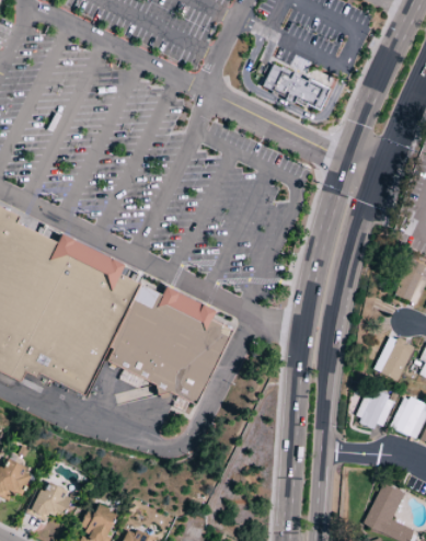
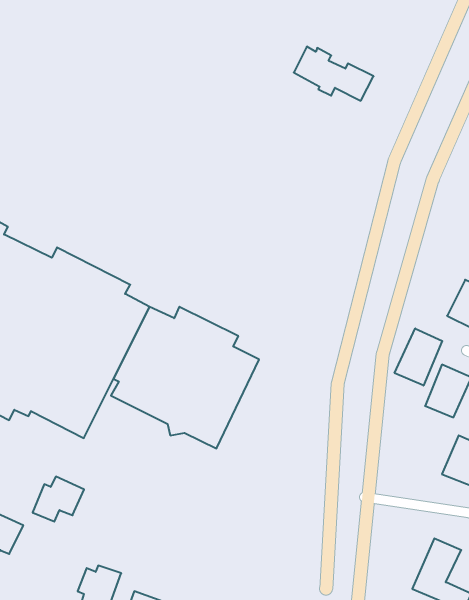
building: none -> [395,328,442,386]
building: [354,387,394,427] -> none
building: [27,482,71,520] -> [33,477,84,522]

